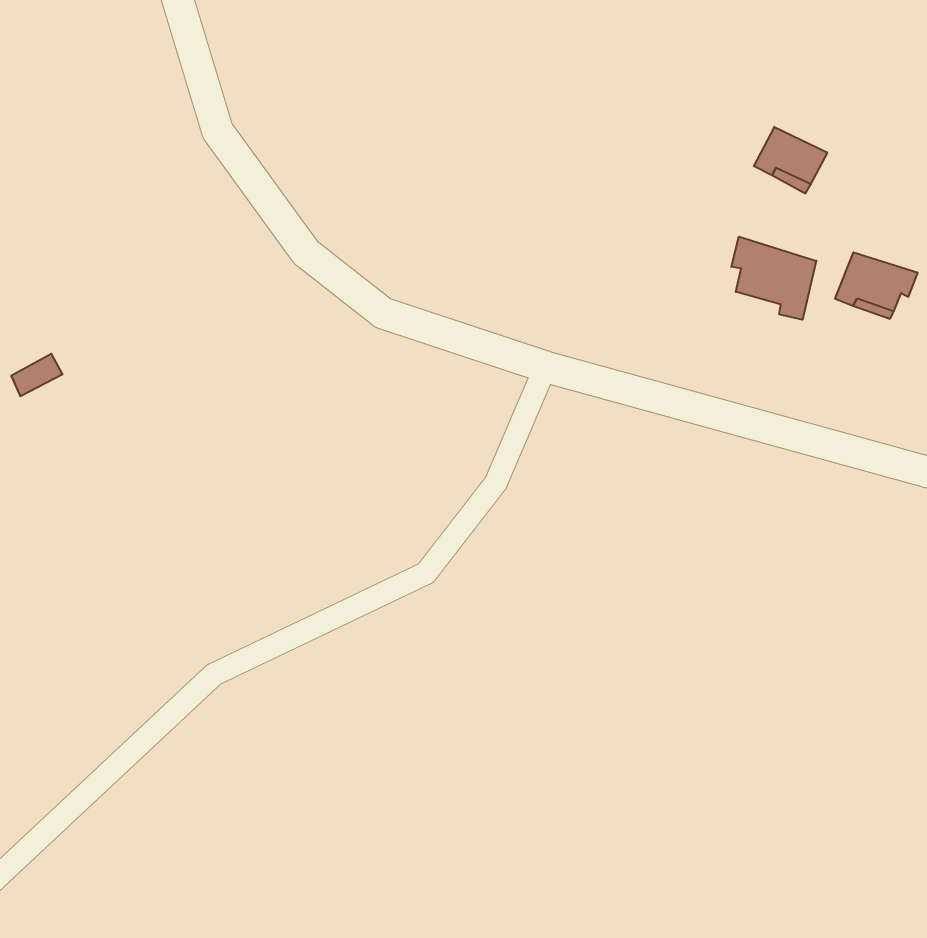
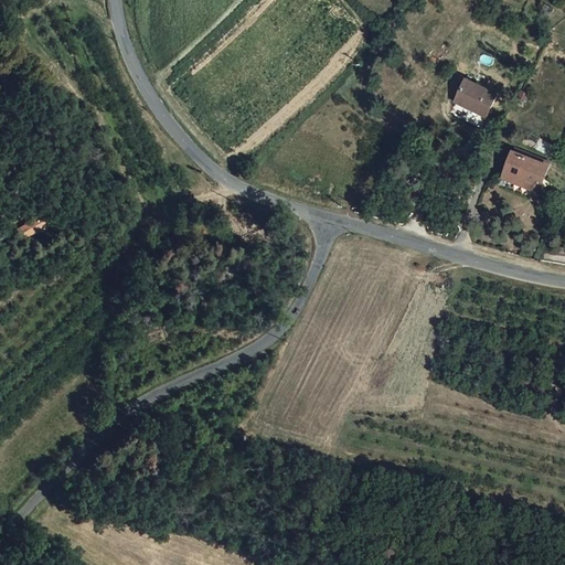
building: [731,237,816,320] -> none

